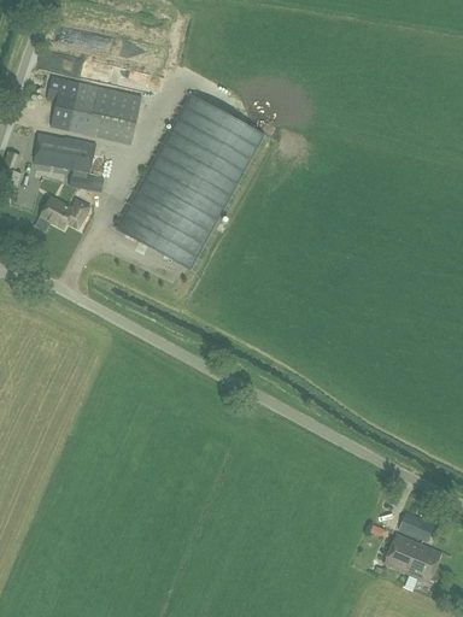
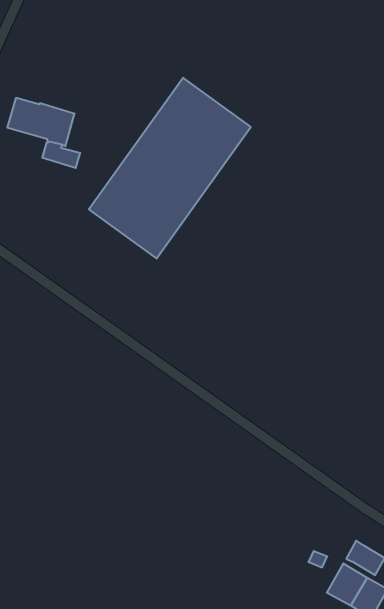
building: [47,75,142,142] -> none
building: [41,195,89,228] -> none

